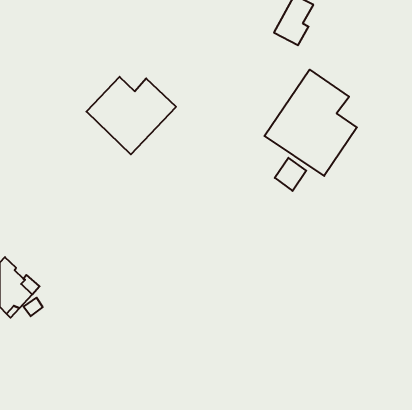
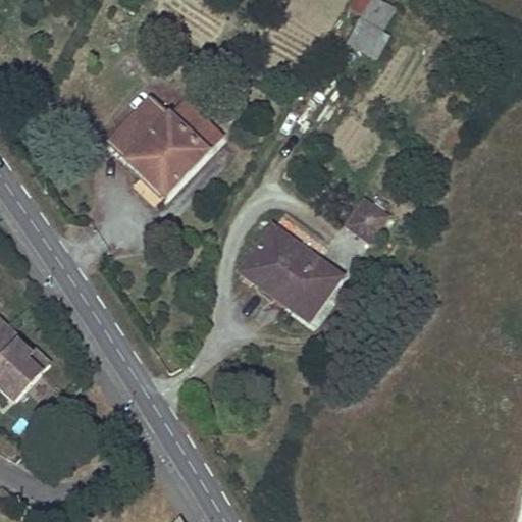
building: [264,70,357,176] -> none
building: none -> [241,226,340,319]

